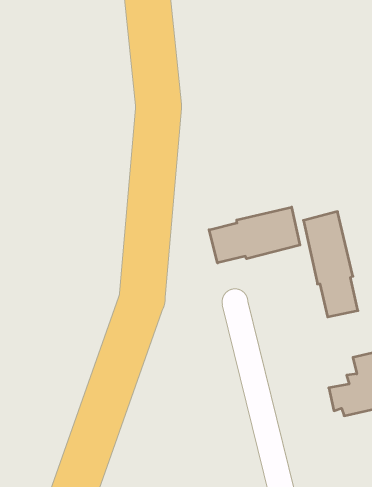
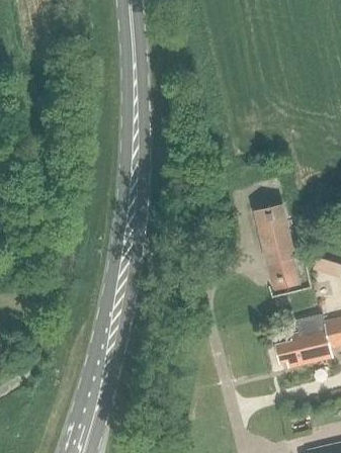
building: [209,207,300,263] -> none

